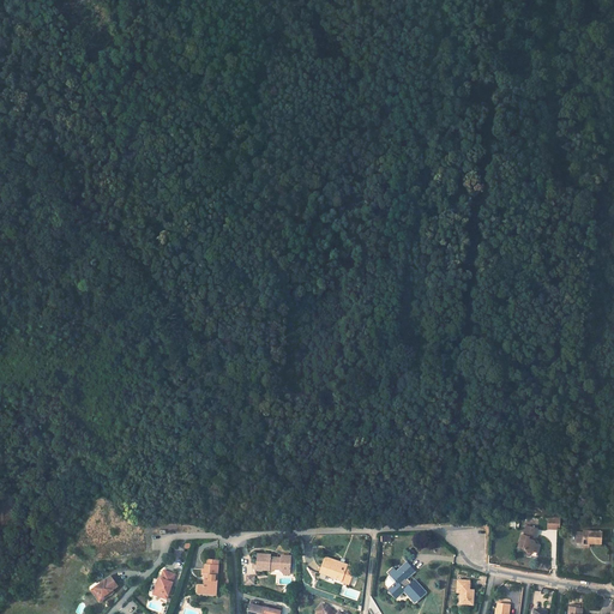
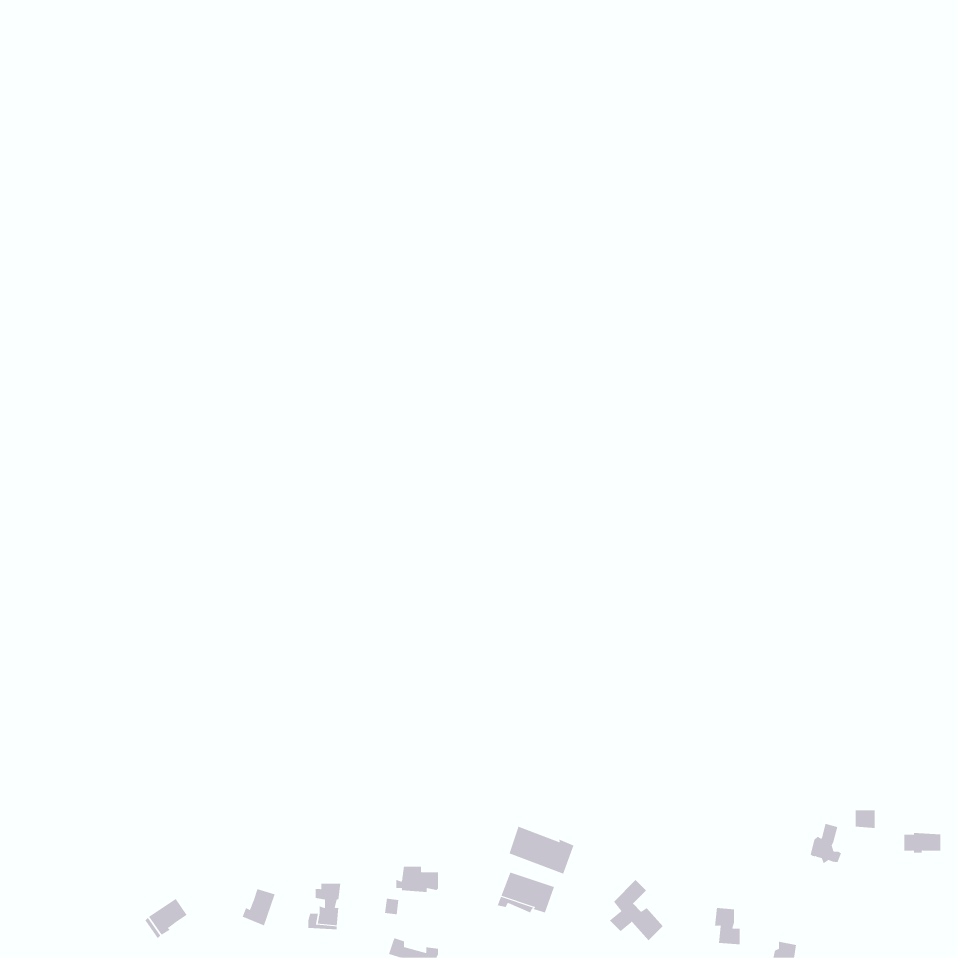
building: none -> [509,826,574,875]

